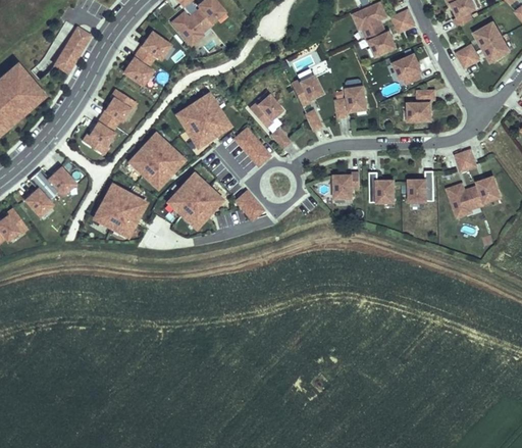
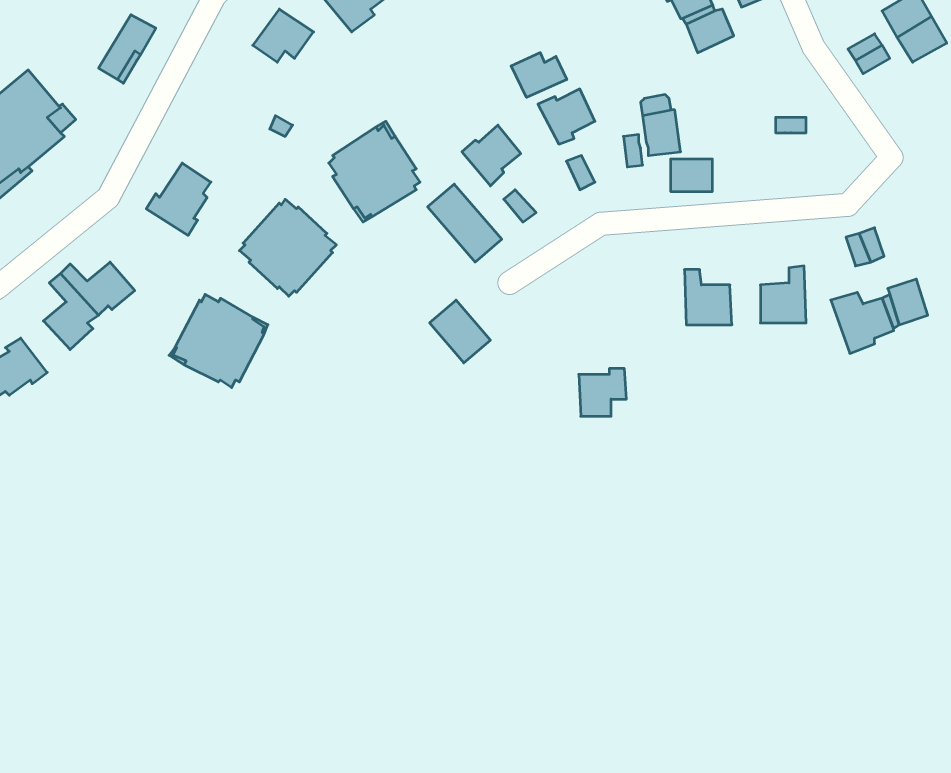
building: [124,52,152,85] -> none
building: [394,55,422,85] -> none
building: none -> [511,53,567,97]
building: [100,88,136,126] -> none
building: [409,103,431,120] -> [671,159,712,191]
building: [334,172,360,198] -> [579,369,626,416]
building: [169,176,220,227] -> none

